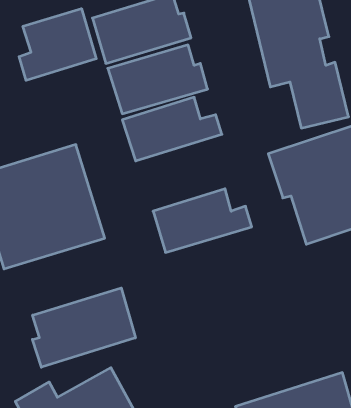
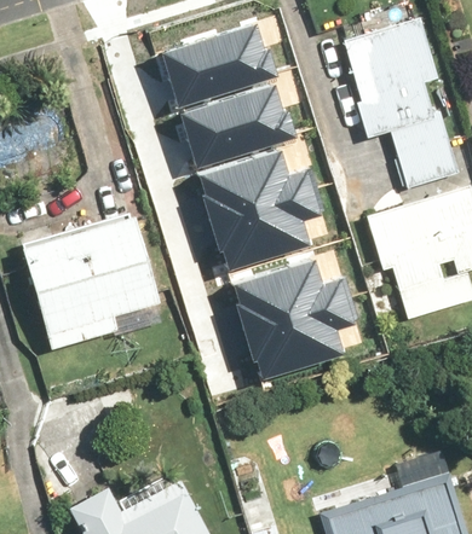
building: [19,9,96,80] -> none
building: none -> [209,193,317,273]
building: none -> [244,302,353,382]
building: [32,288,135,367] -> none

